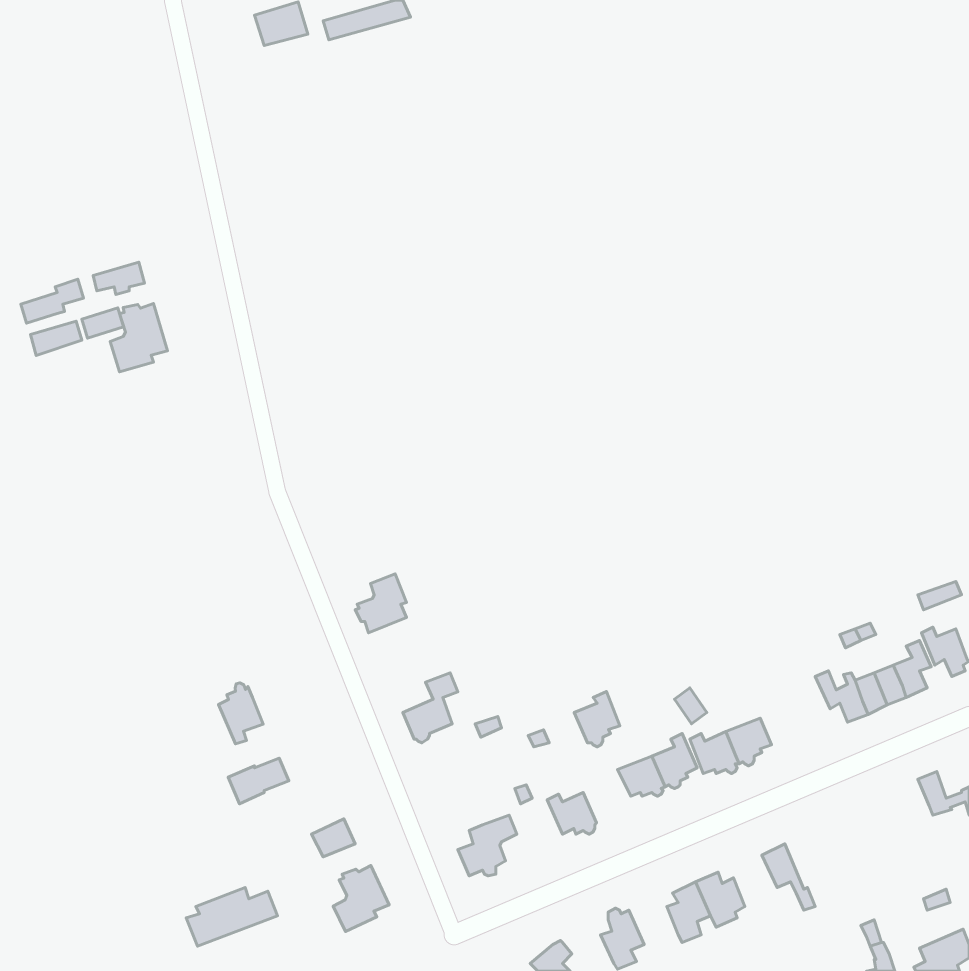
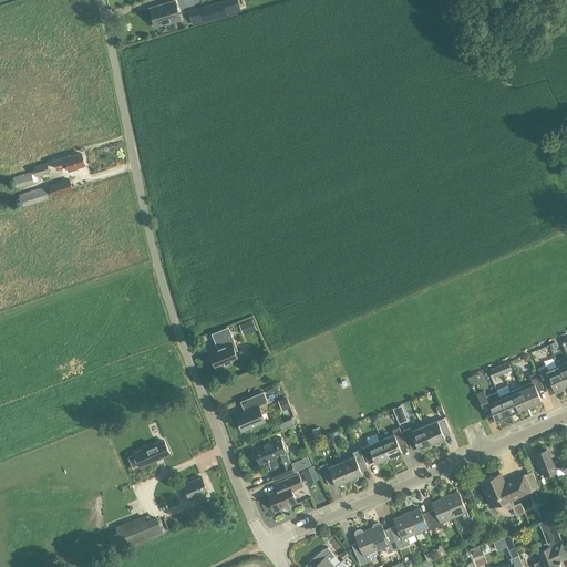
building: [110,303,167,372] -> none
building: [219,683,263,744] -> none
building: [574,692,620,747] -> [340,450,367,482]
building: none -> [251,437,293,481]
building: none -> [483,474,529,508]
building: none -> [427,498,453,530]
building: [333,865,389,932] -> none
building: none -> [367,523,398,554]

